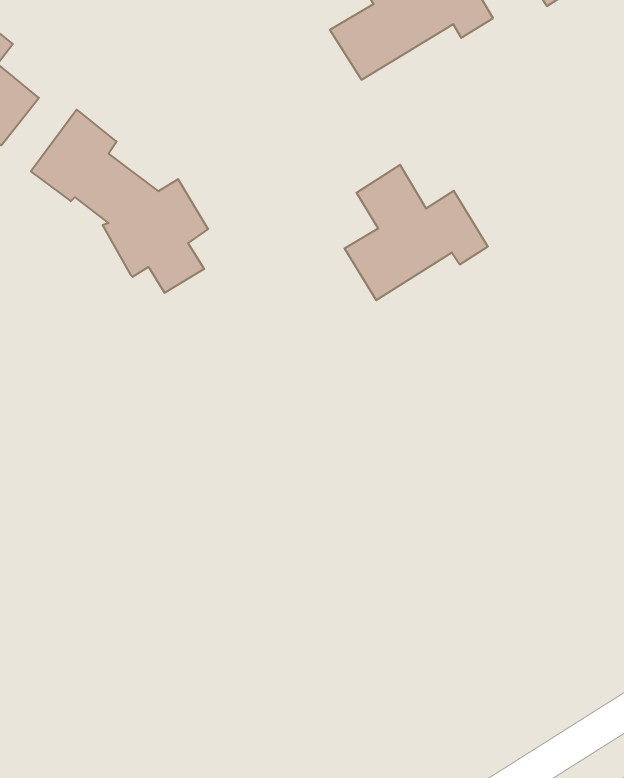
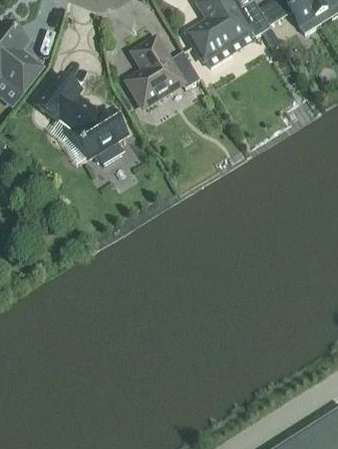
building: [344,165,488,300] -> [127,39,200,107]

